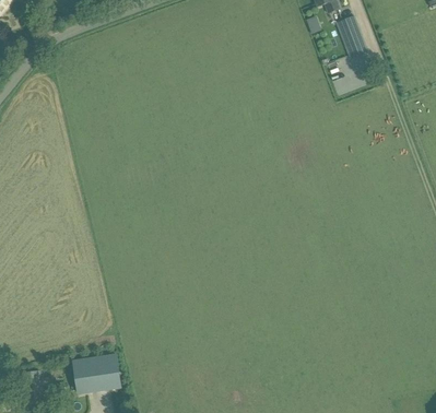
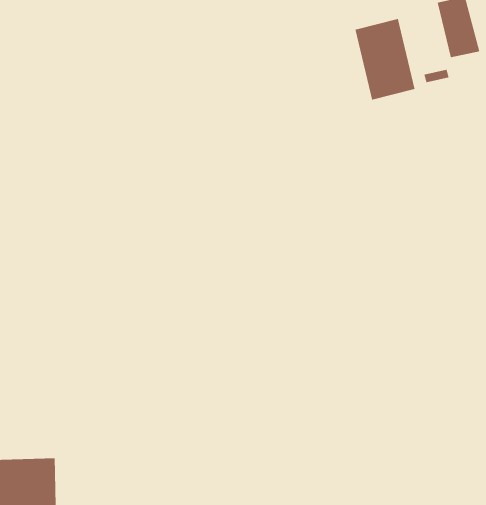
building: none -> [355,18,415,100]

